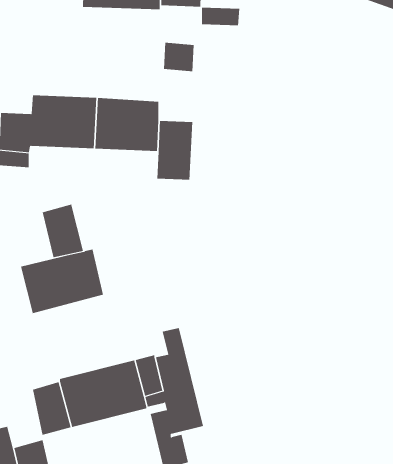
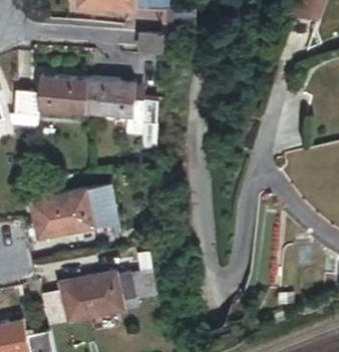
building: [42,204,84,258] -> [86,183,117,223]

